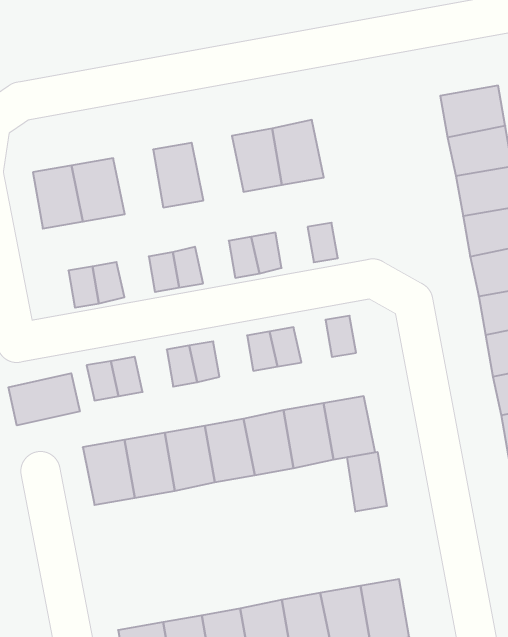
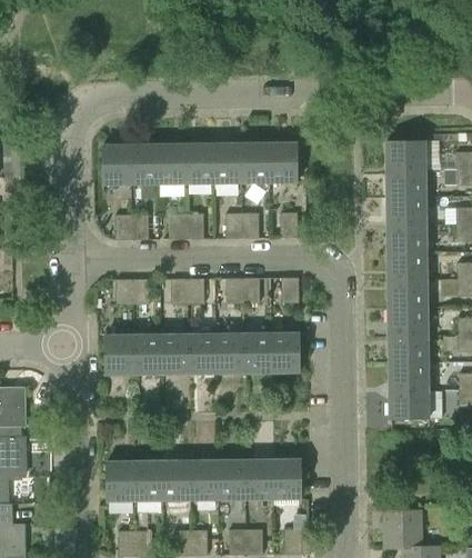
building: none -> [213,143,242,183]
building: none -> [159,143,187,183]
building: [8,373,80,425] -> none
building: [347,452,387,512] -> none

